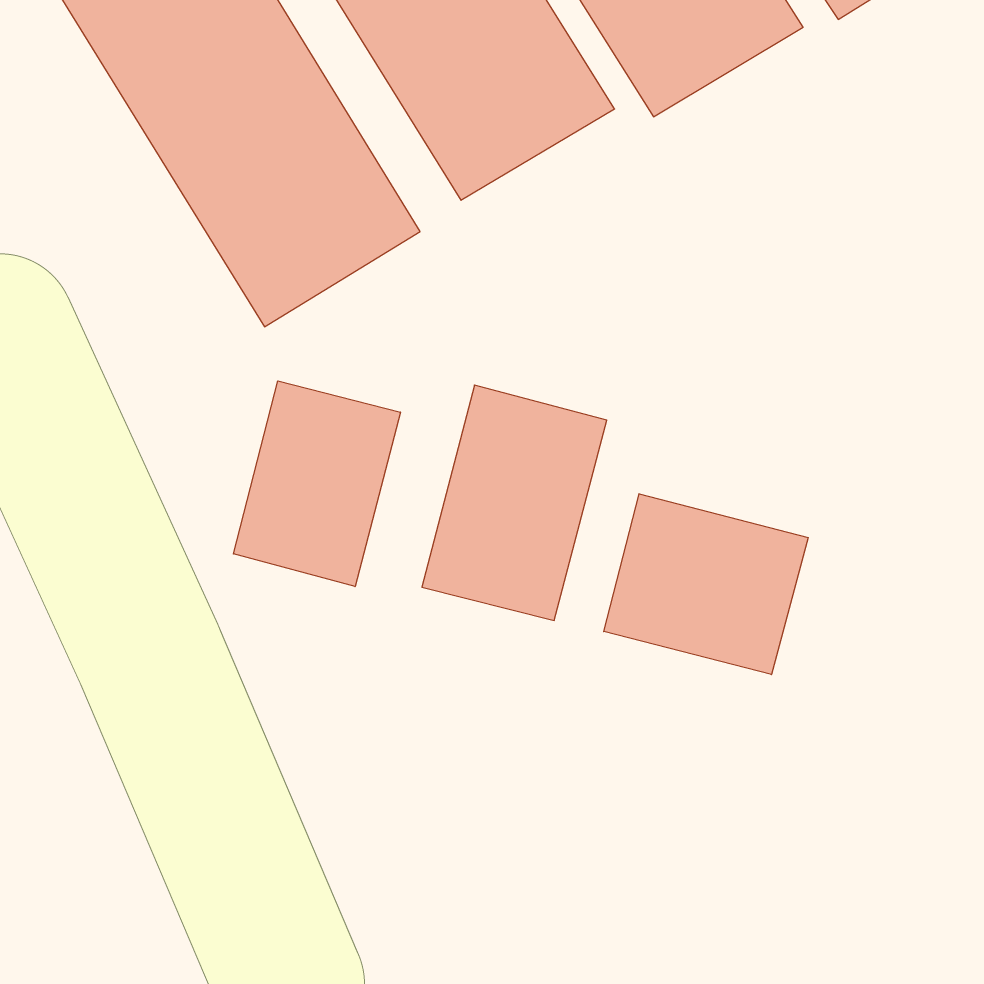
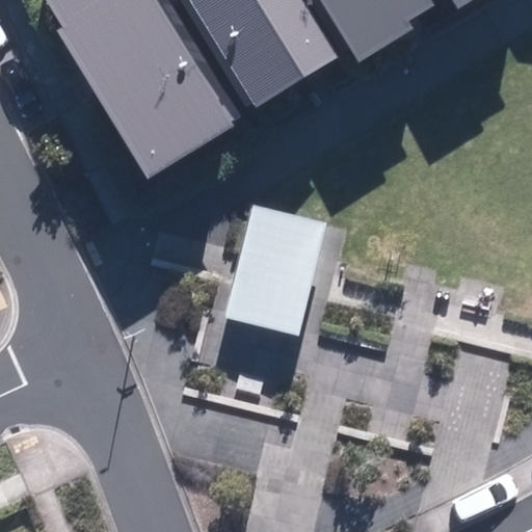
building: [233,381,400,587] -> none
building: [604,494,808,675] -> none

